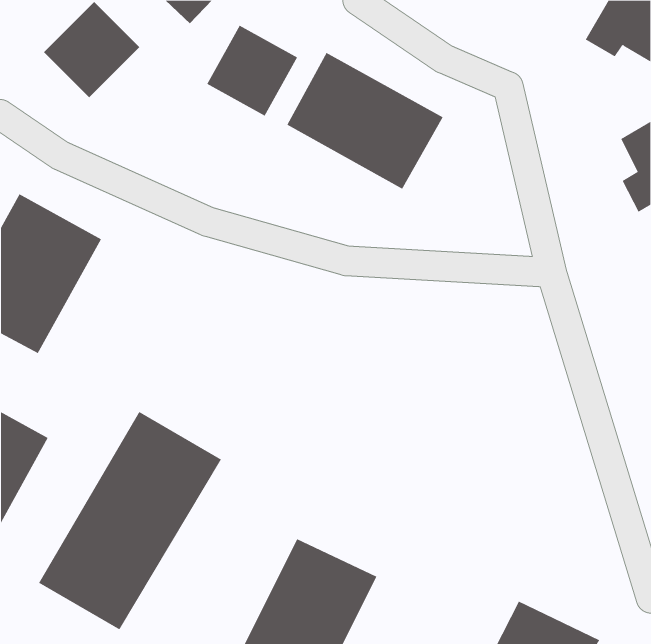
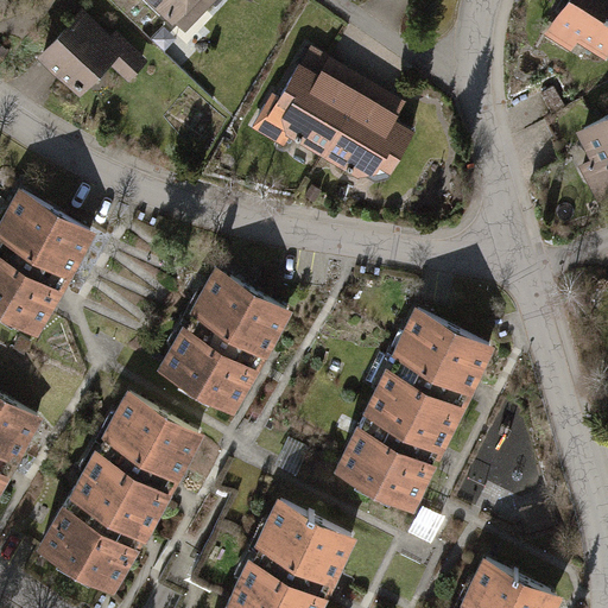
building: [207,25,298,117] -> none
building: none -> [162,276,291,412]
building: none -> [336,308,494,511]

